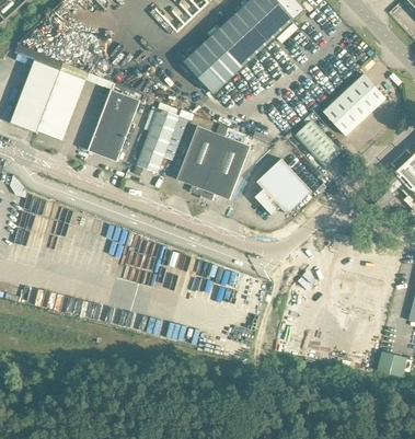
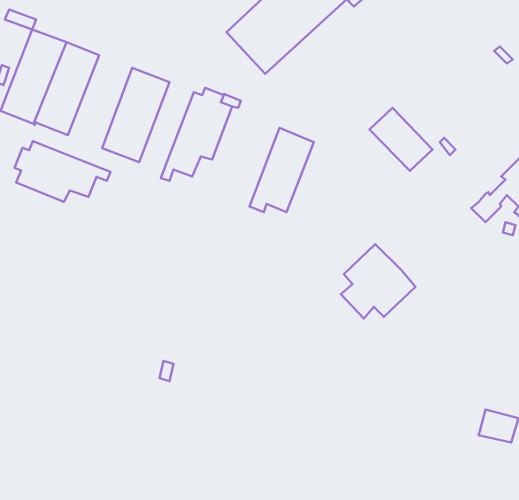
building: [323,73,385,135] -> none
building: [175,125,223,195] -> none
building: none -> [15,141,111,202]
building: [254,158,311,215] -> [341,244,415,318]

